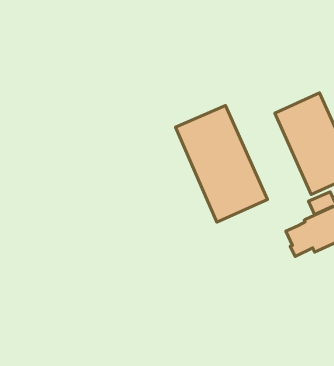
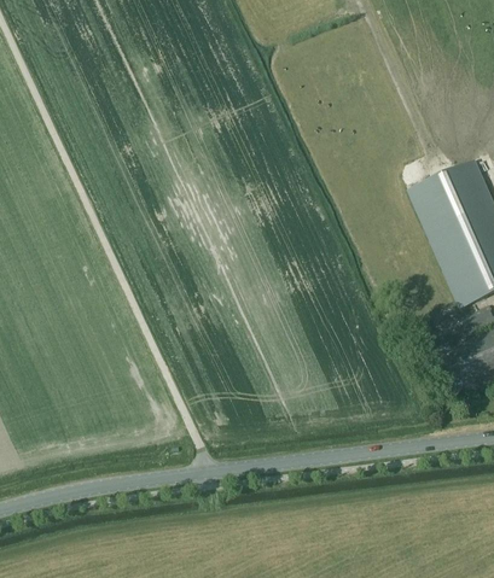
building: [176,105,267,222] -> none

